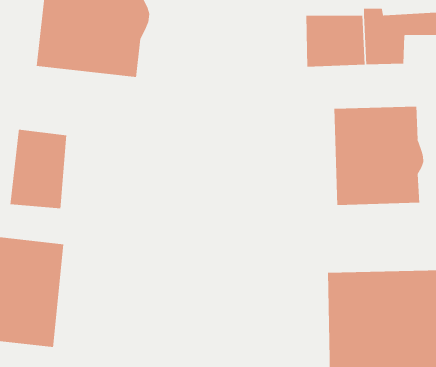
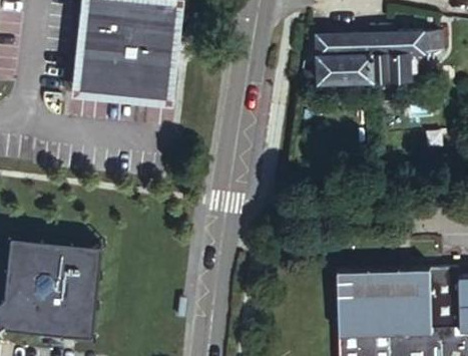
building: [334,106,424,206] -> none
building: [10,129,67,209] -> none

